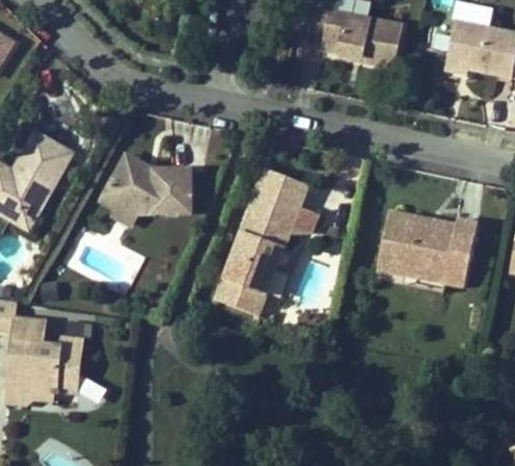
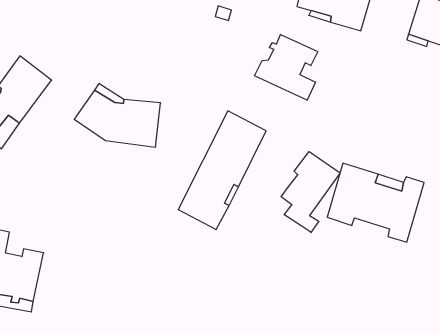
building: none -> [255,34,318,100]
building: none -> [281,152,340,233]
building: [213,278,263,316] -> none

